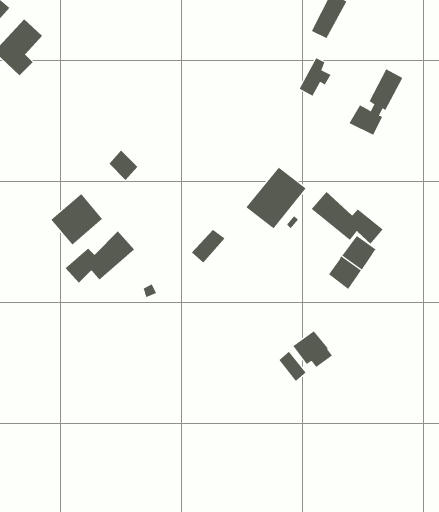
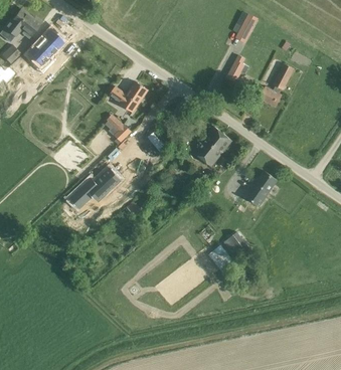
building: none -> [109,81,147,112]
building: [311,191,383,244] -> none
building: [51,193,103,246] -> none

